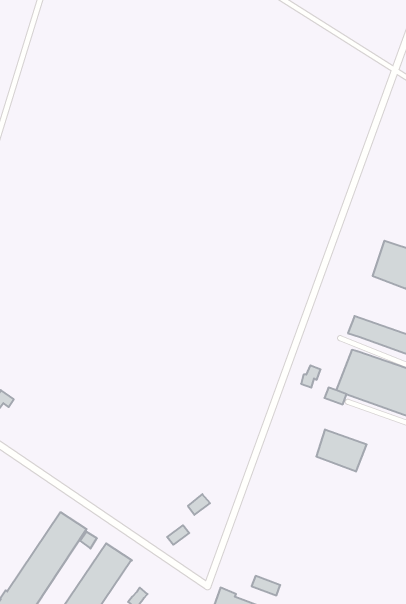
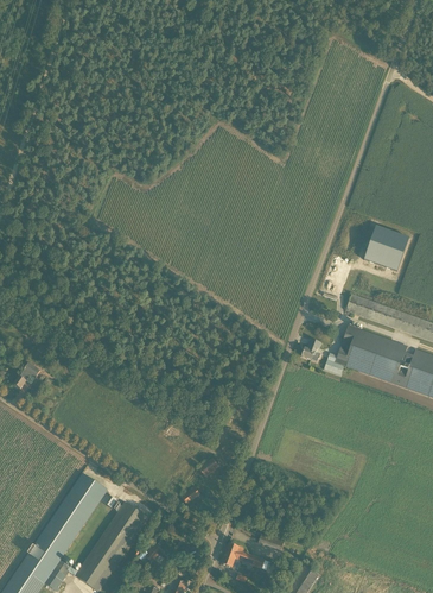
building: [316,429,367,472] -> none

